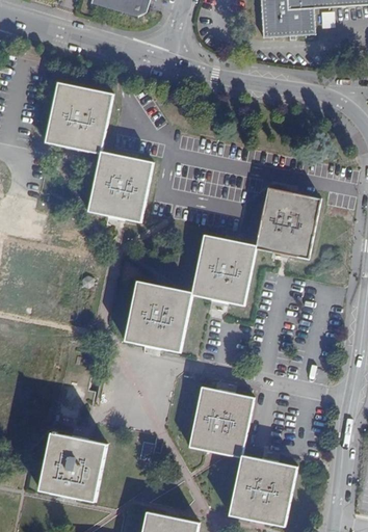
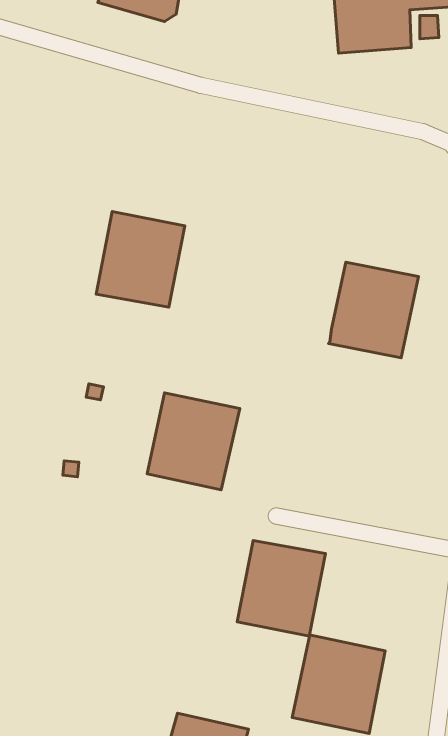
building: [46,83,111,152] -> none
building: [191,234,256,303] -> none
building: [40,432,105,501] -> none

